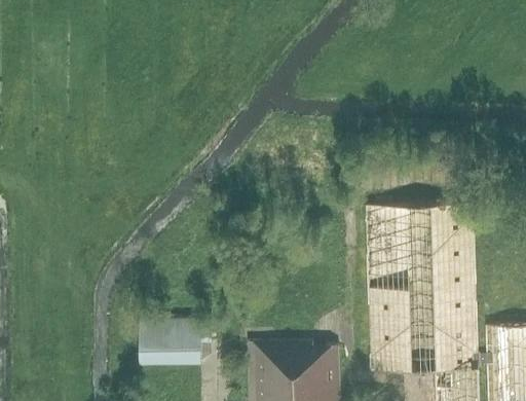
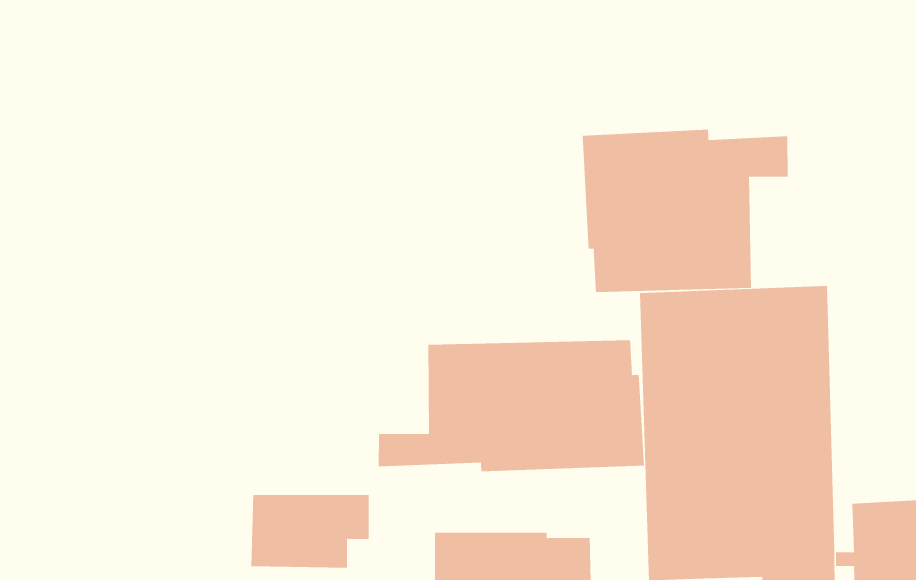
building: none -> [582,129,788,293]
building: none -> [378,340,645,472]

